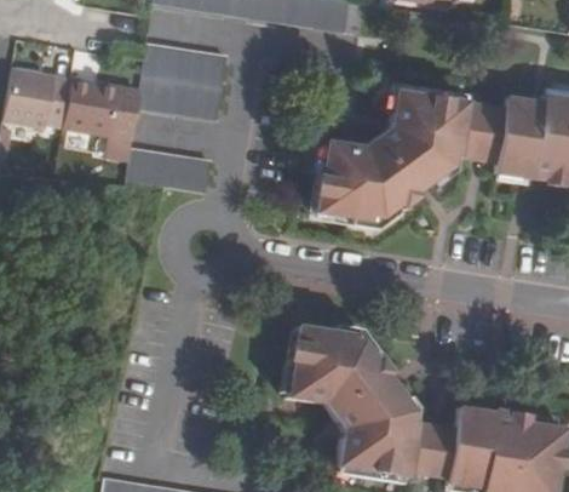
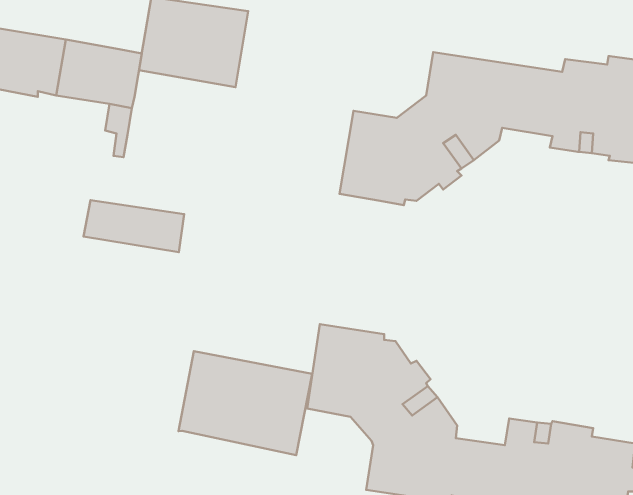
building: [126,148,213,193] -> [83,200,184,252]
building: none -> [178,351,312,455]

